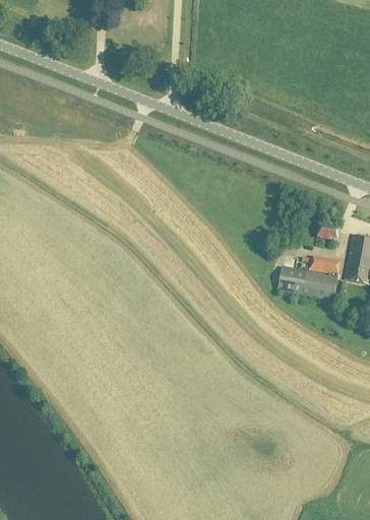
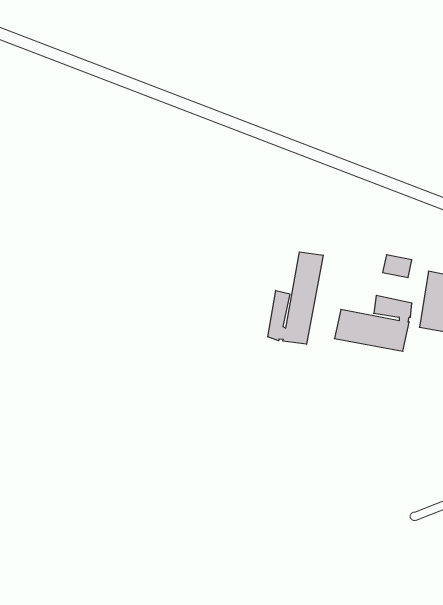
building: none -> [268,252,323,344]

